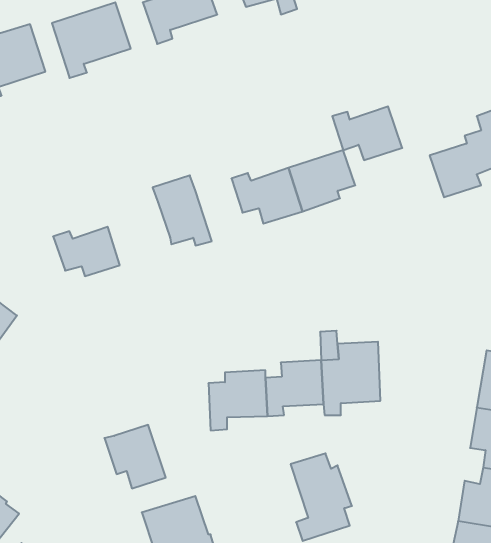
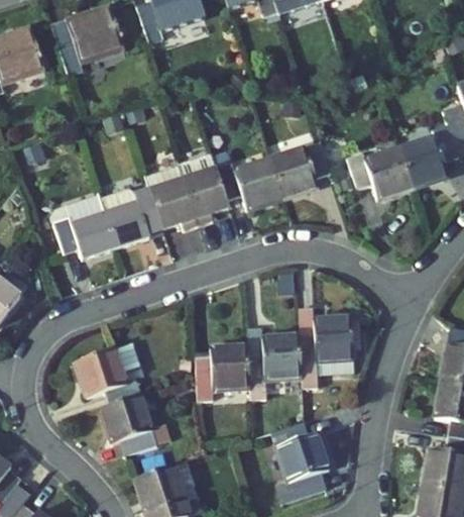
building: [332,106,402,160] -> [348,147,413,197]
building: none -> [179,154,229,226]
building: none -> [103,191,160,248]
building: none -> [76,340,140,406]

